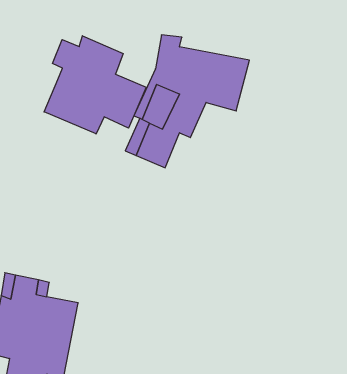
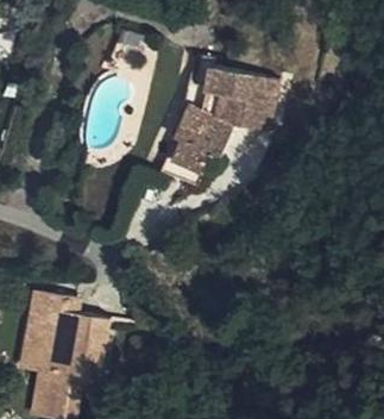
building: [44,36,146,134] -> none

